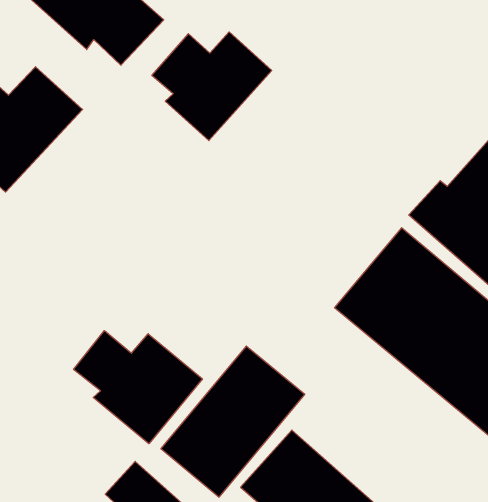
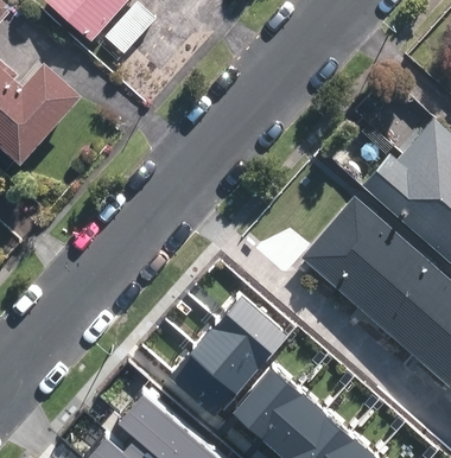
building: [152,32,272,141] -> none
building: [74,331,202,444] -> none

